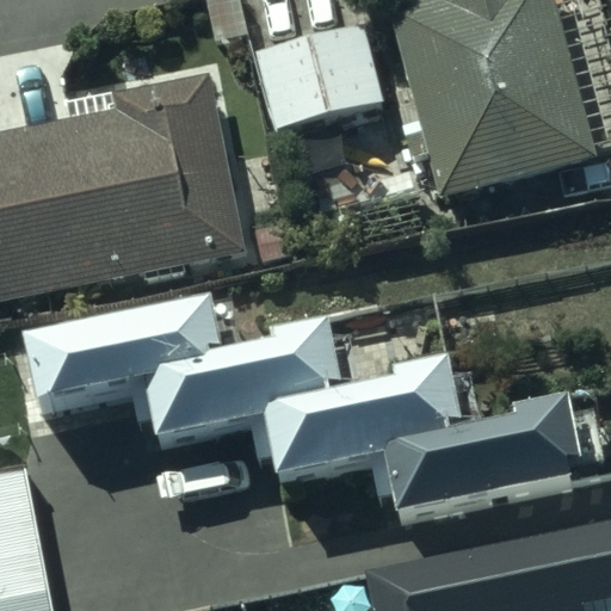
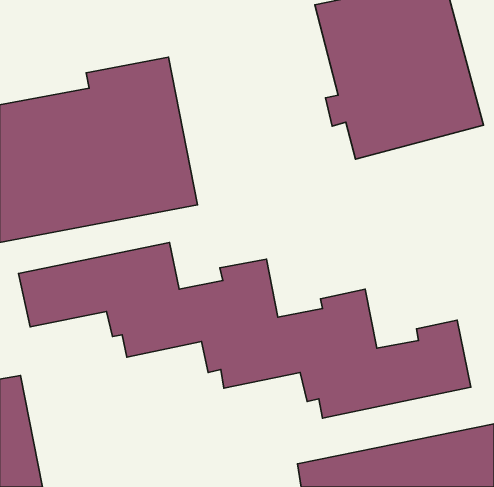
building: [254,21,384,128] -> none

